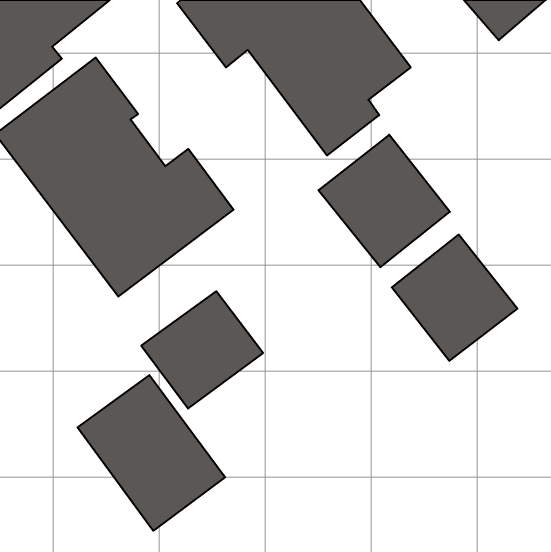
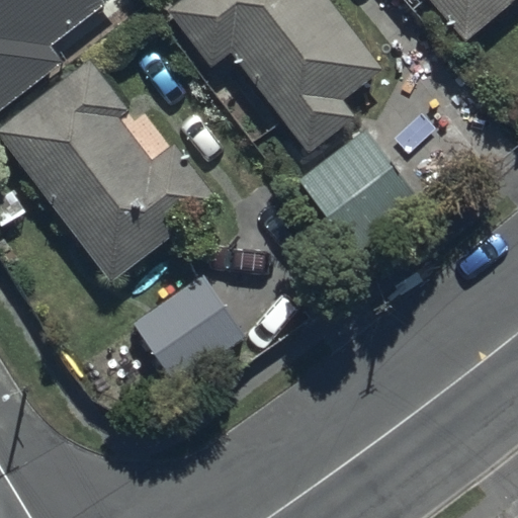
building: [392,235,517,361] -> none
building: [78,375,225,531] -> none

